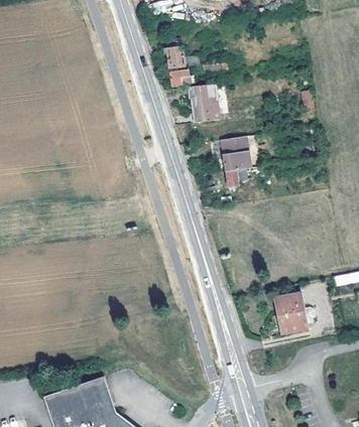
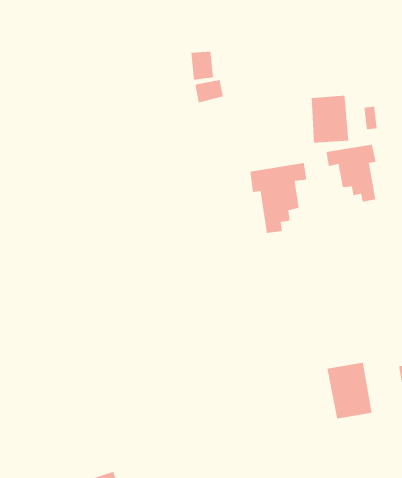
building: [190,84,220,122] -> [311,95,349,144]
building: none -> [325,144,377,202]

